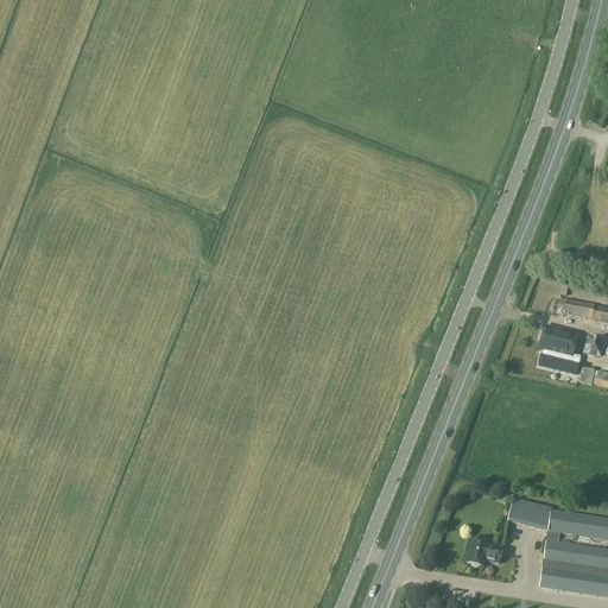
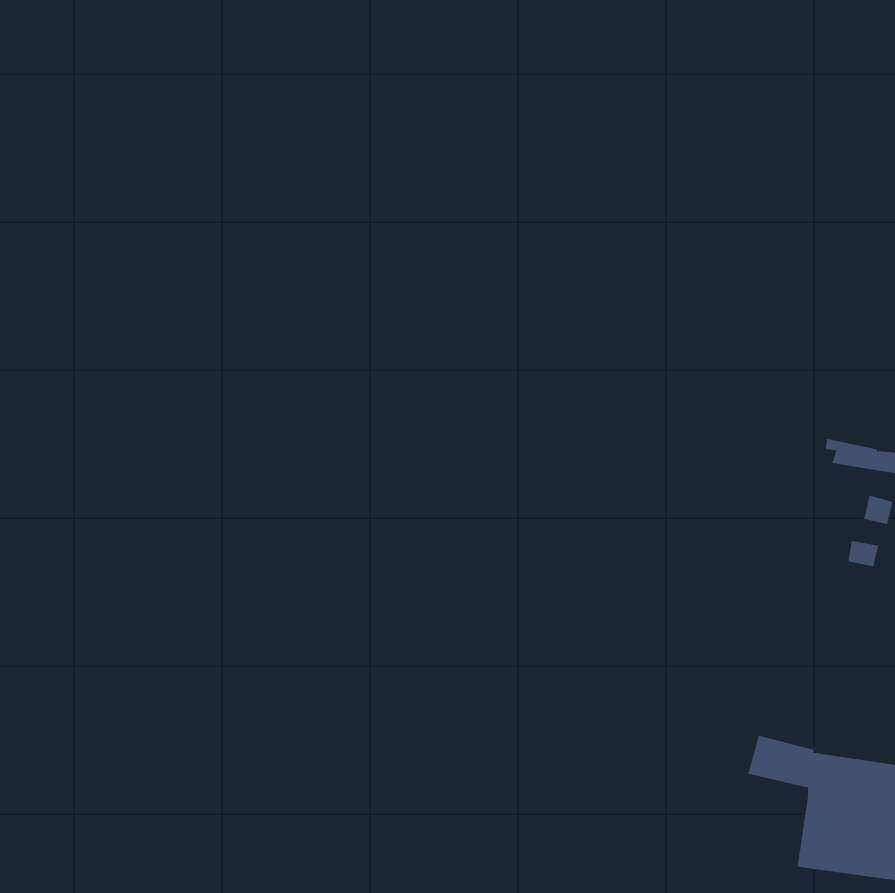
building: [540,324,578,365] -> none
building: [468,539,504,565] -> none

